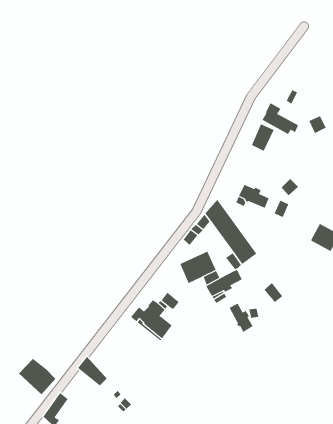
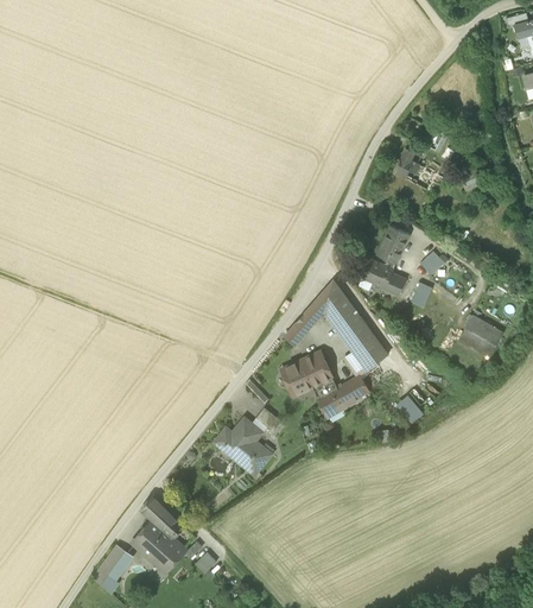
building: [251,124,274,151] -> [377,226,410,264]
building: [229,303,253,333] -> none
building: [18,358,56,395] -> [133,521,185,572]

